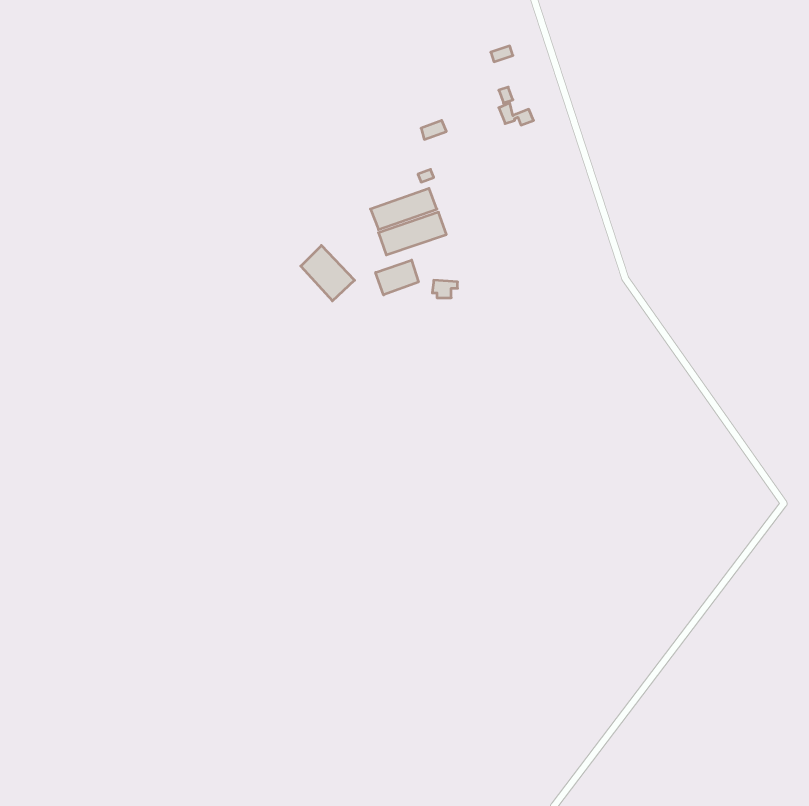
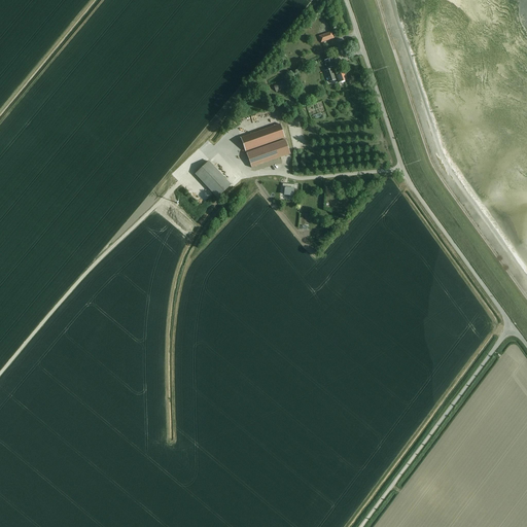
building: [376,260,418,295] -> none

